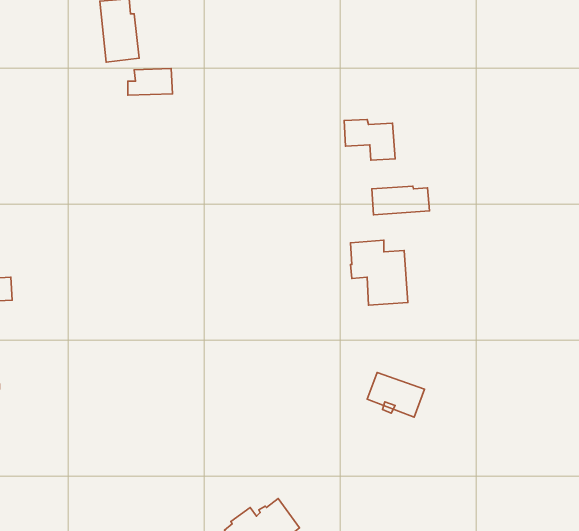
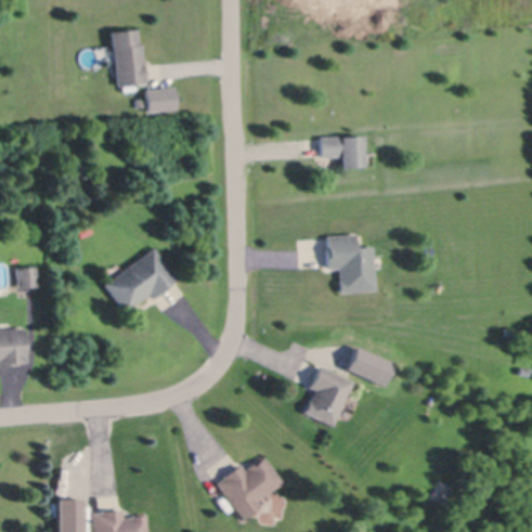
building: [372,186,430,215] -> none
building: none -> [106,250,178,314]
building: none -> [303,364,351,424]

